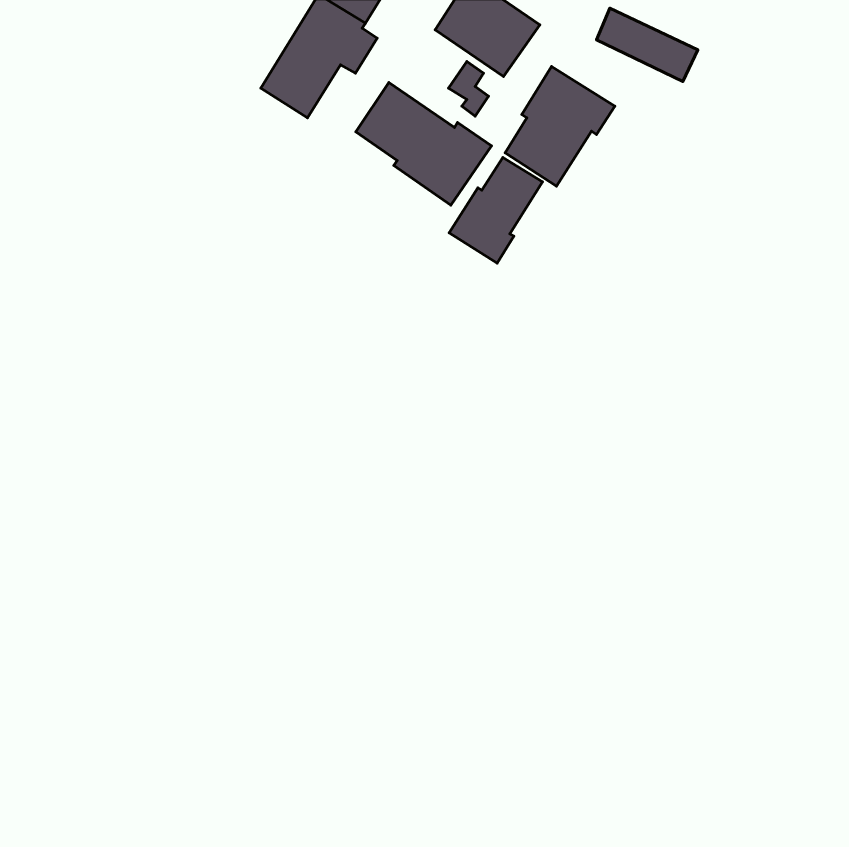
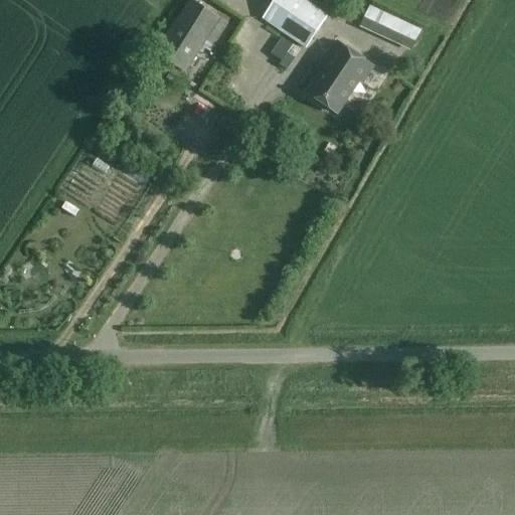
building: [356,83,492,205] -> none
building: [449,158,542,263] -> none

